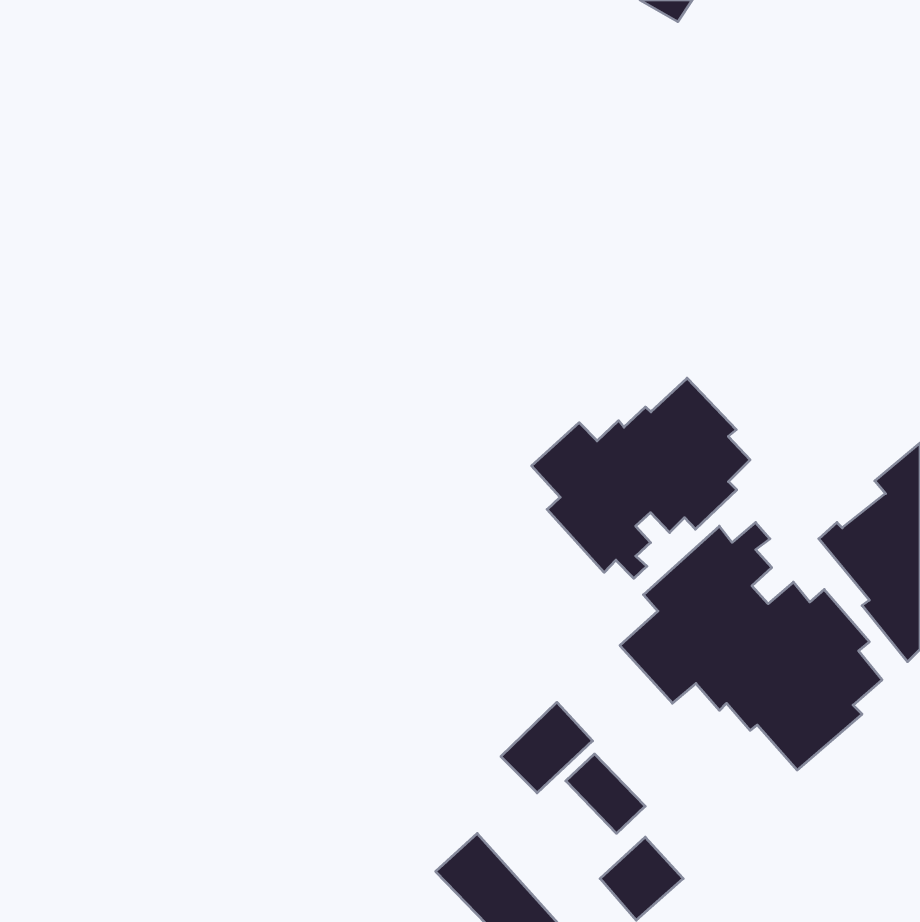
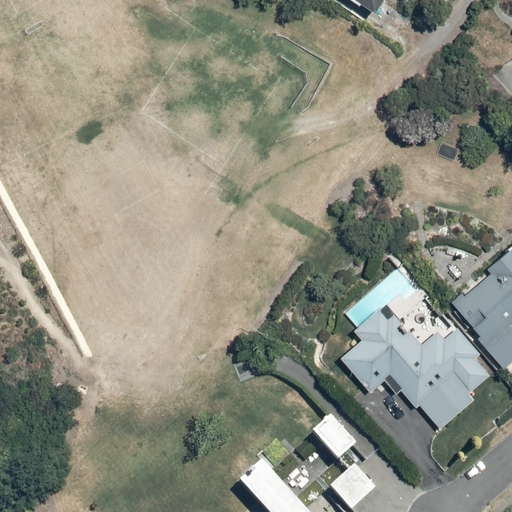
building: [532,378,750,578] -> none
building: [501,702,593,793] -> none

